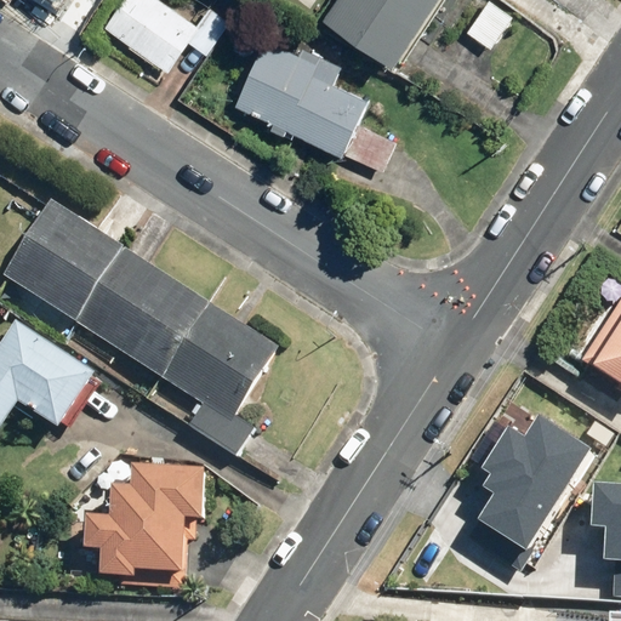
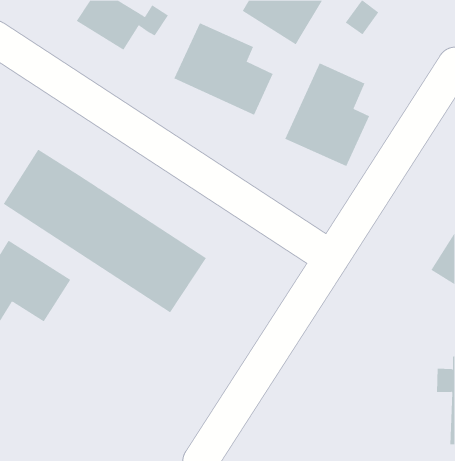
building: none -> [284,63,370,167]
building: [457,405,603,575] -> none
building: [89,469,207,579] -> none

